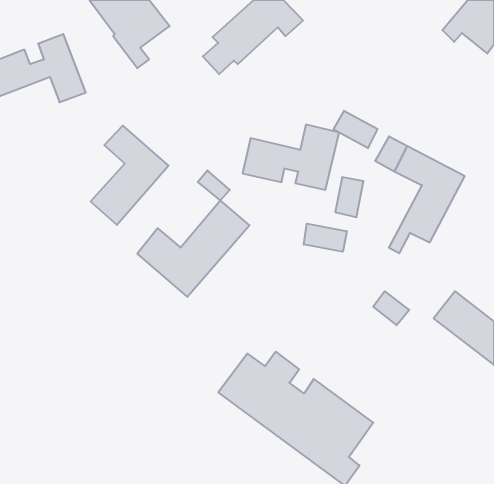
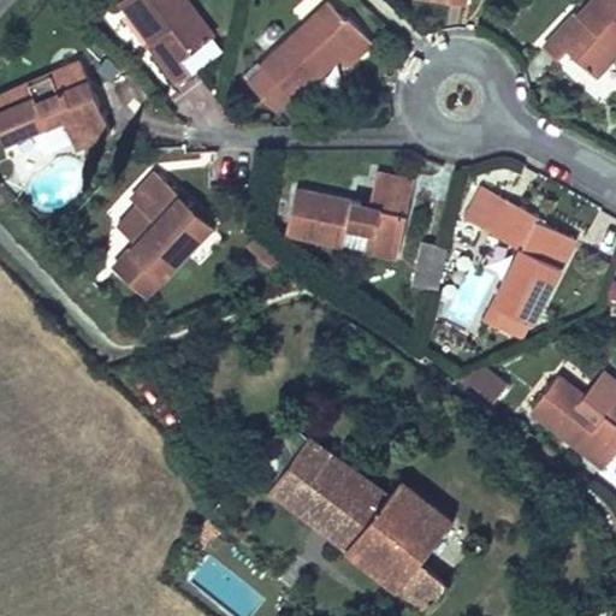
building: [334,111,378,148] -> none
building: [137,201,250,297] -> none
building: [304,224,347,252] -> none

